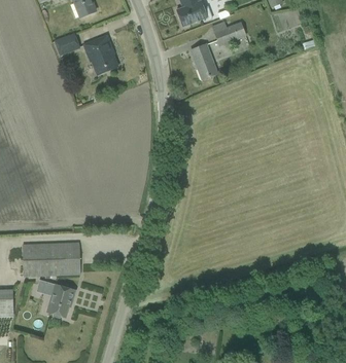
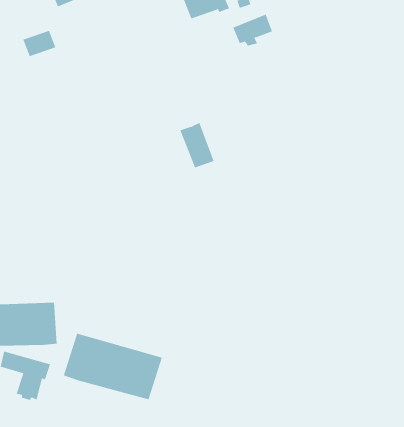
building: [83,35,117,74] -> none
building: [191,43,217,78] -> [180,122,215,168]
building: none -> [63,333,163,400]

